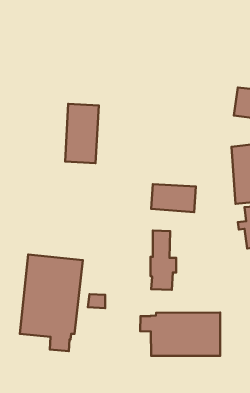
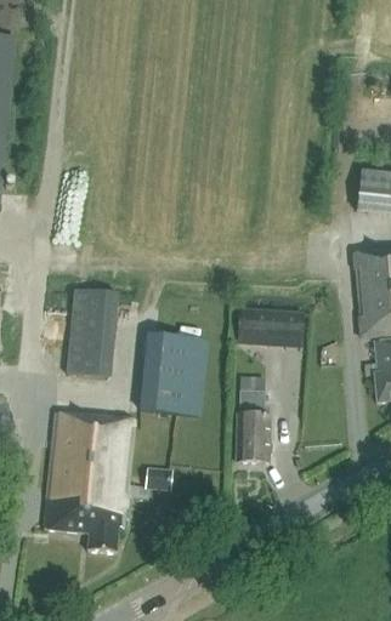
building: [65,104,99,163] -> [72,285,121,372]
building: none -> [141,335,206,415]
building: [140,313,220,356] -> none

